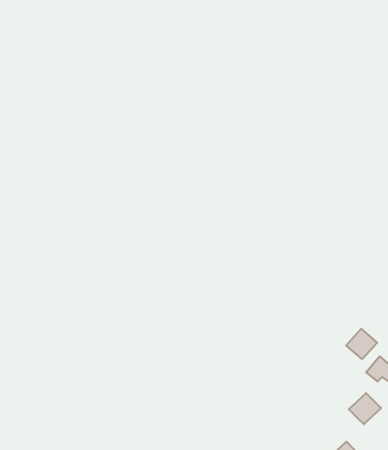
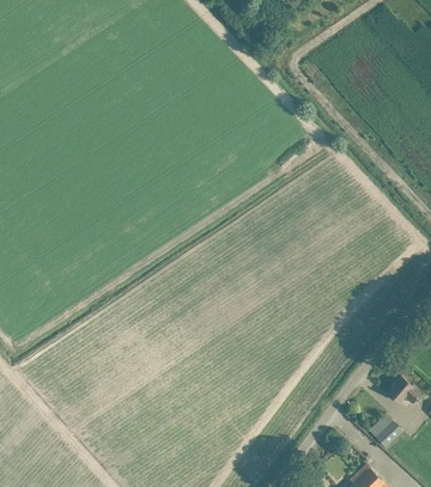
building: [346,329,377,359] -> none

